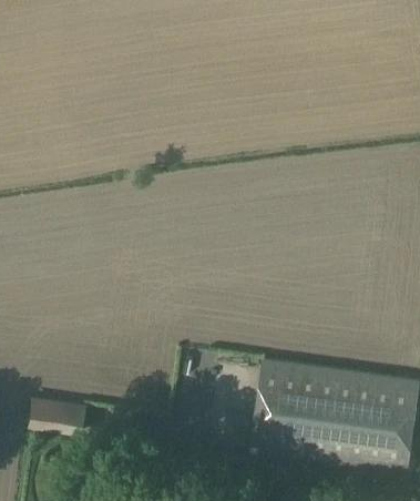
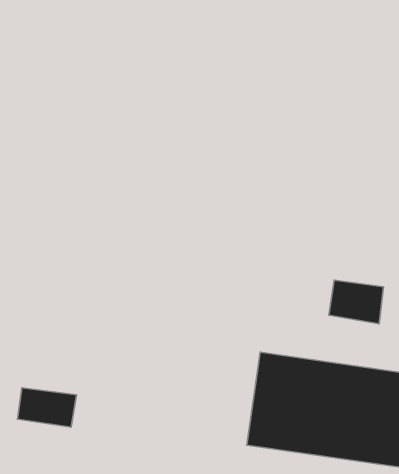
building: none -> [329,280,383,324]

